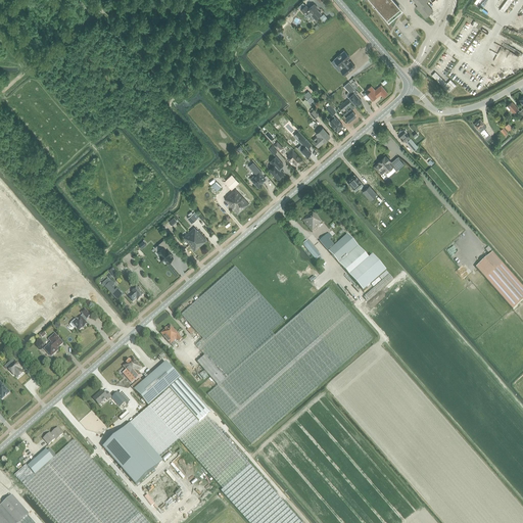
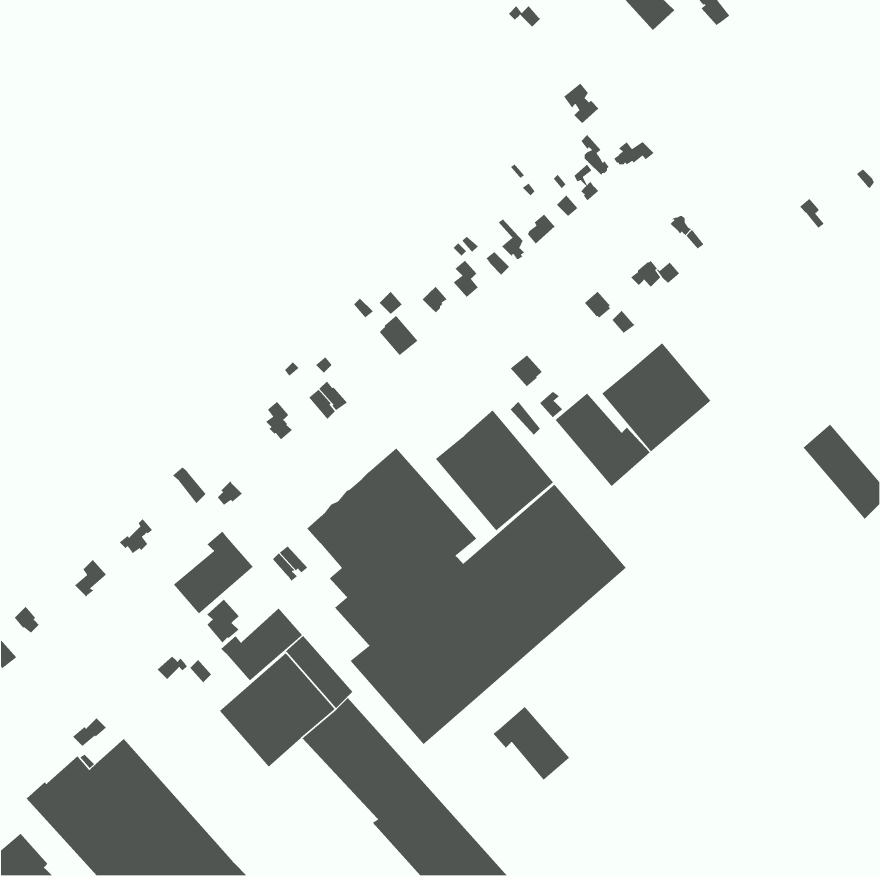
building: none -> [601,342,712,452]
building: none -> [435,410,554,532]
building: none -> [173,530,254,615]
building: none -> [493,706,570,781]
building: [103,422,162,483] -> none

